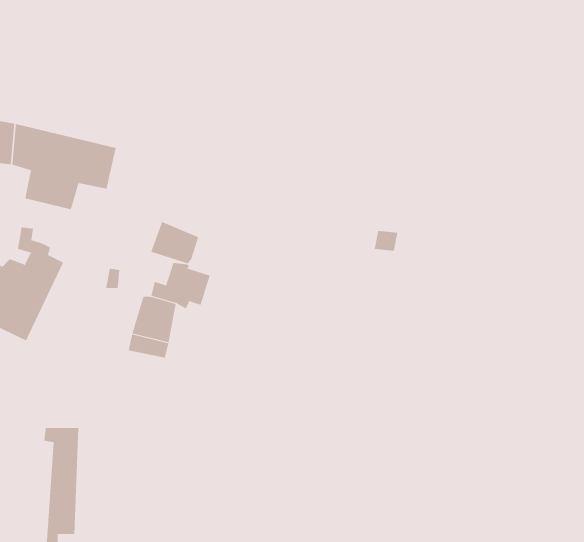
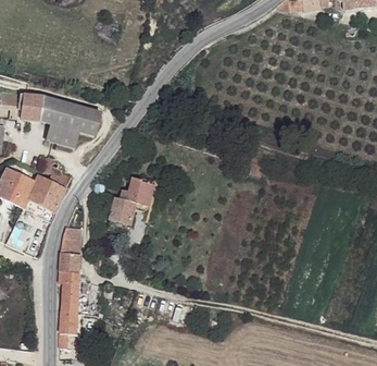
building: [150,221,199,264] -> none
building: none -> [60,228,81,273]

